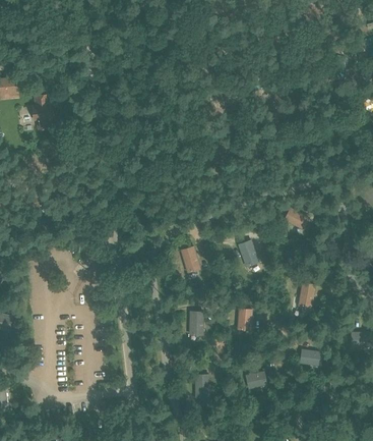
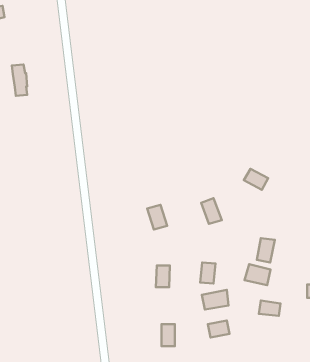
building: none -> [245,264,270,285]
building: none -> [202,290,229,309]

